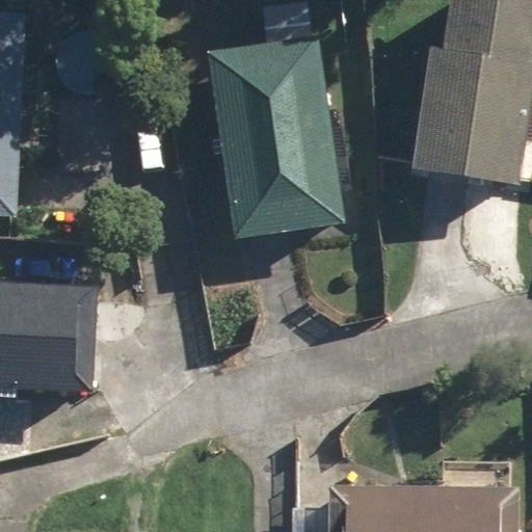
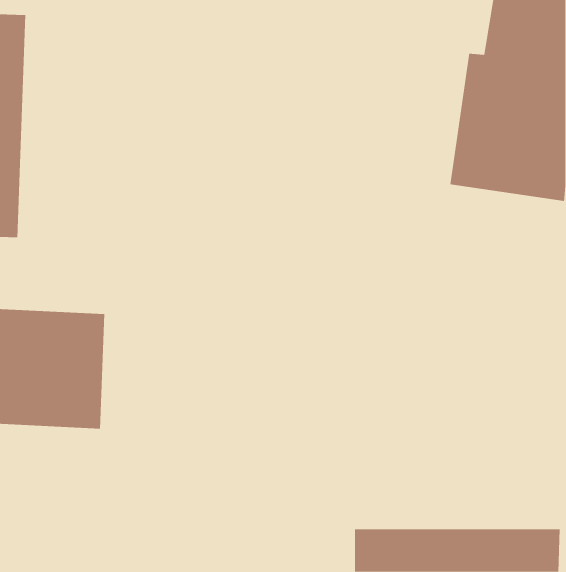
building: [209,36,344,239] -> none

